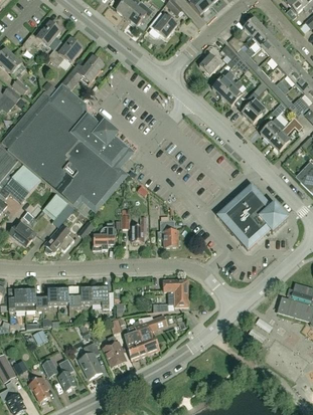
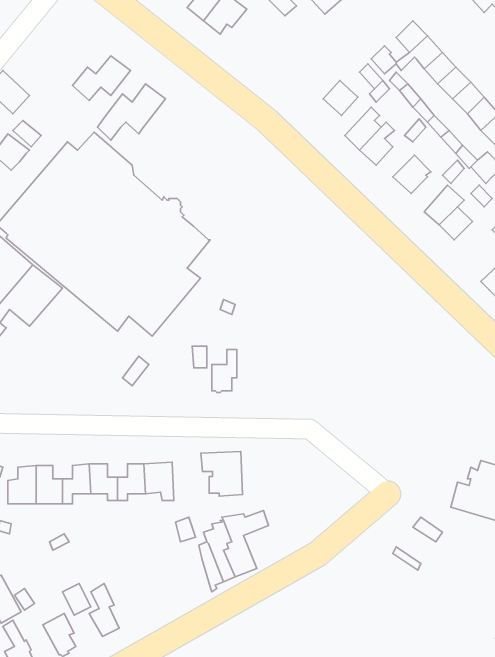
building: [148,11,177,37] -> none
building: [22,21,60,47] -> none
building: [217,184,287,248] -> none
building: [45,193,74,220] -> none
building: [8,219,35,246] -> none
building: [158,219,180,246] -> none
building: [93,221,115,249] -> none
building: [45,224,74,251] -> none
building: [163,278,188,305] -> [201,452,242,496]
building: [103,335,125,367] -> none
building: [79,341,102,378] -> none

